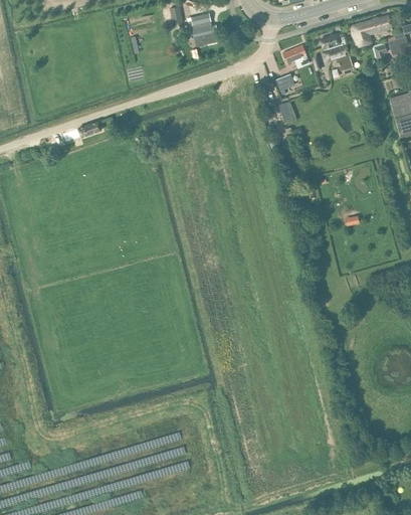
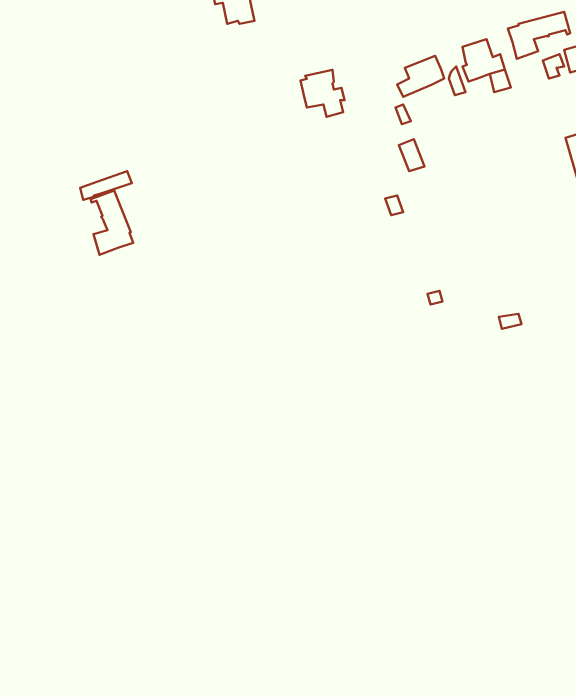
building: [188,12,217,43] -> [301,70,345,117]
building: none -> [91,190,133,255]

